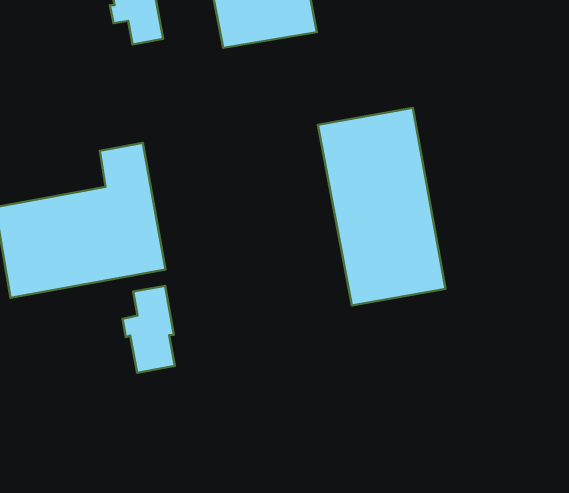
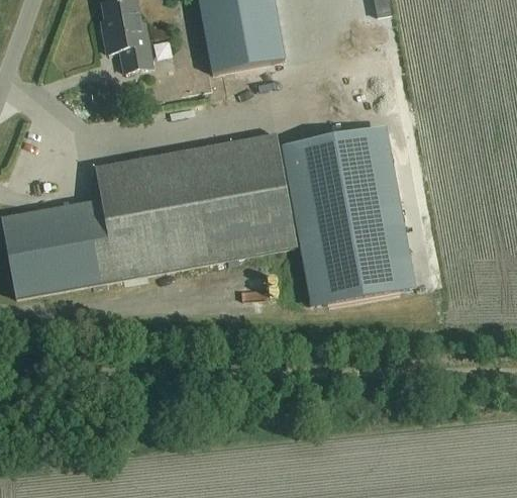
building: none -> [134,132,297,272]
building: [122,286,175,373] -> none

